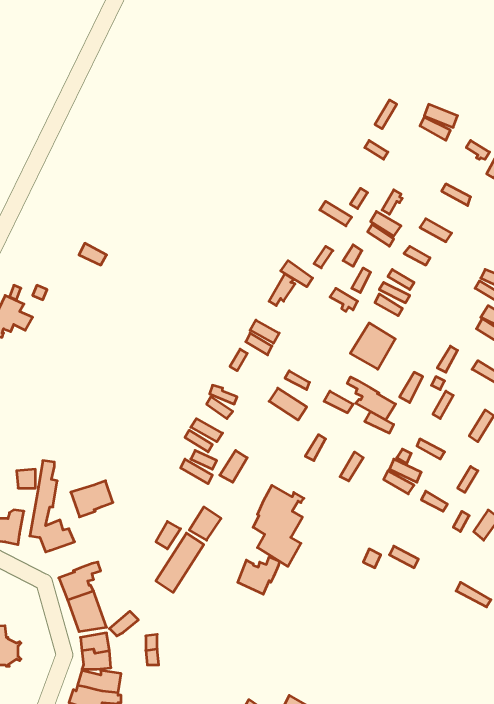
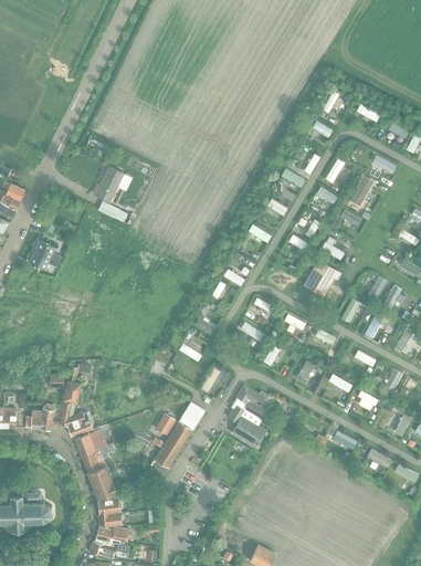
building: none -> [94,167,123,203]
building: [347,377,396,420] -> none
building: [71,481,113,517] -> [74,429,106,457]
building: [238,557,279,594] -> none

